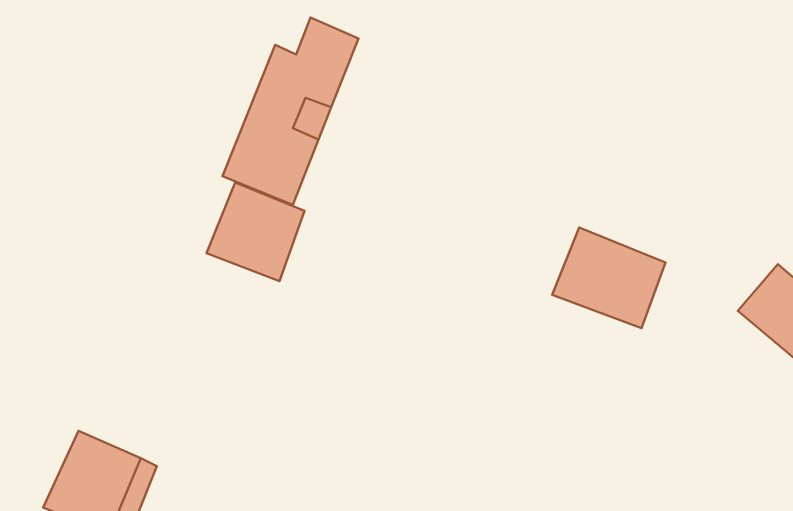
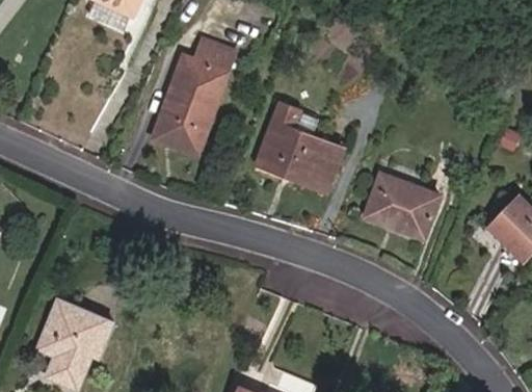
building: none -> [256,102,340,186]
building: [207,182,305,281] -> none

